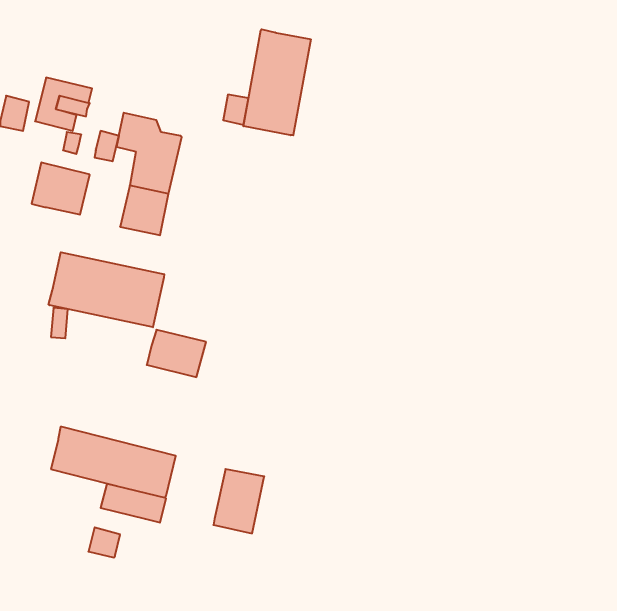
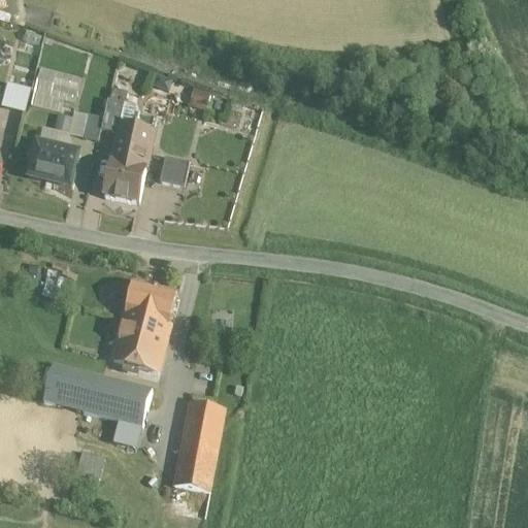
building: [243,29,311,135] -> none
building: none -> [158,155,187,184]
building: [49,252,164,327] -> none
building: none -> [112,310,167,367]
building: none -> [173,448,214,491]

